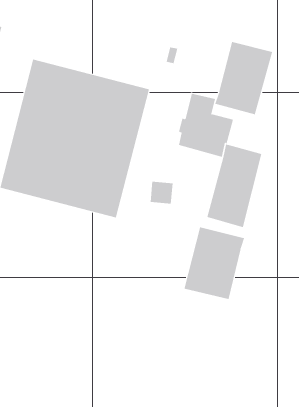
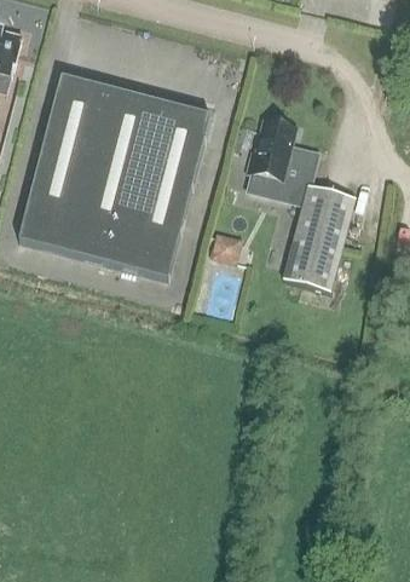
building: [214,41,273,115] -> none
building: [184,227,245,300] -> none

